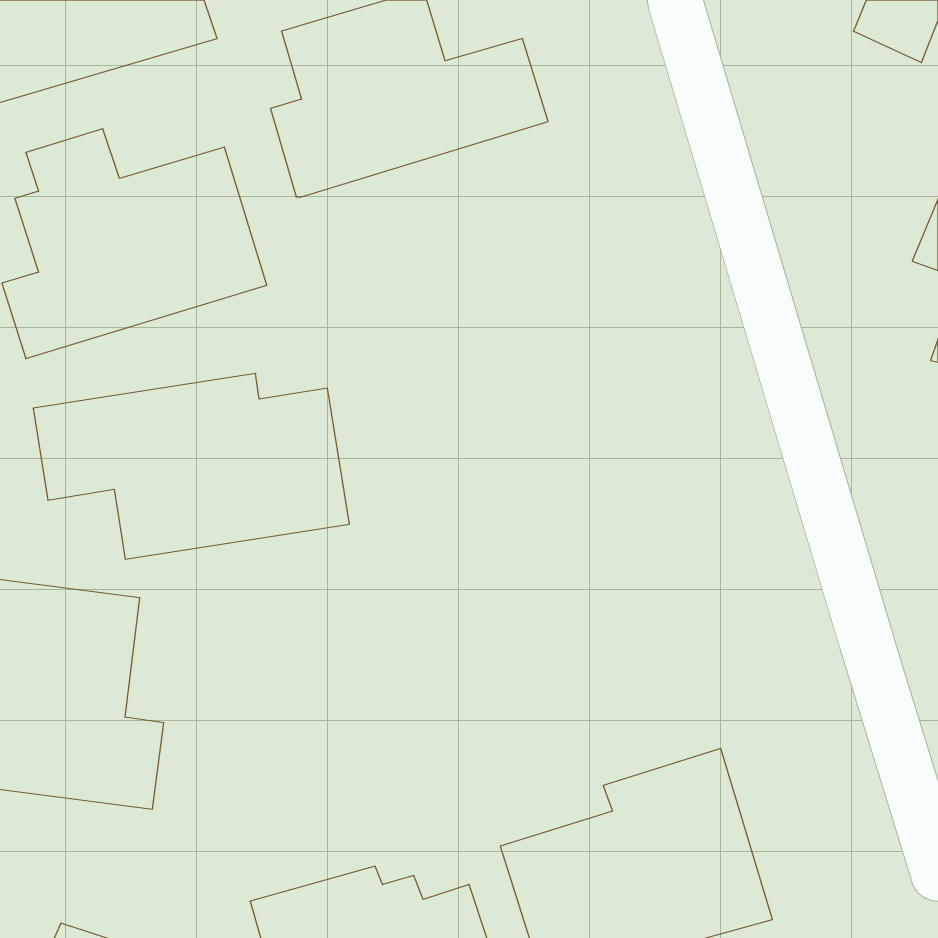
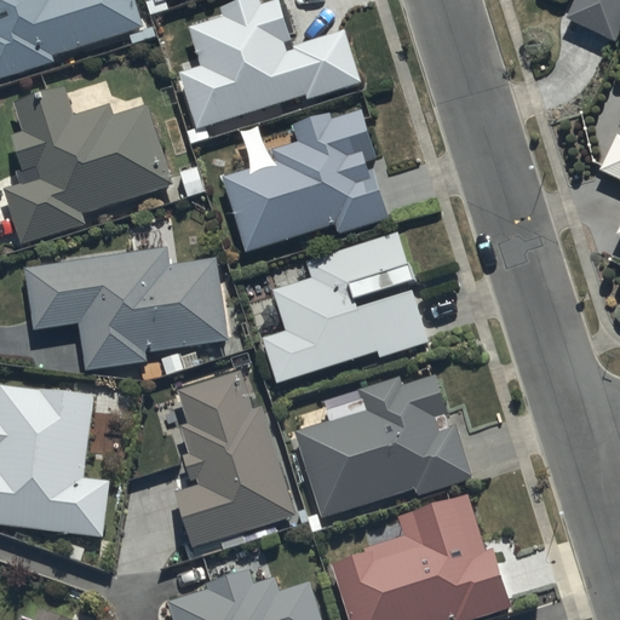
building: none -> [223,105,389,254]
building: none -> [263,234,426,384]
building: none -> [172,368,292,545]
building: none -> [293,369,471,519]

